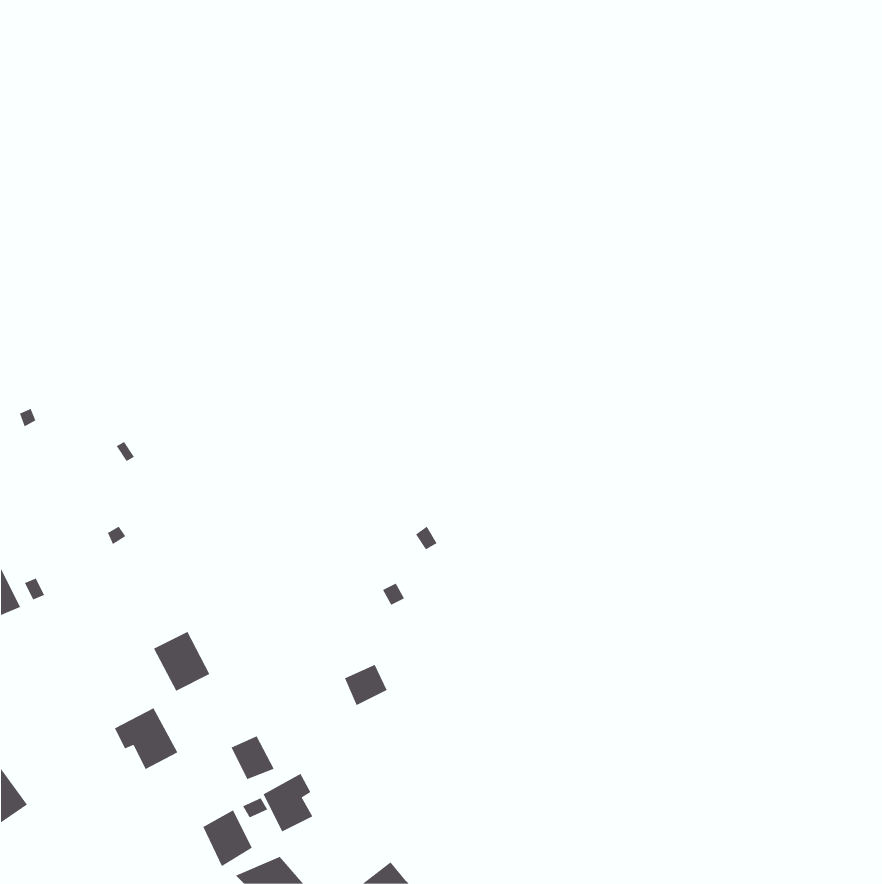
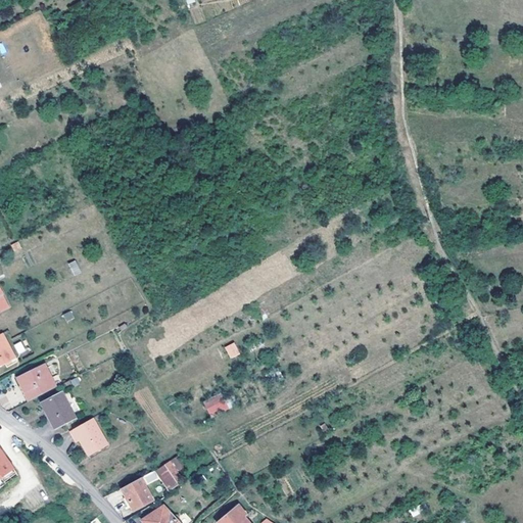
building: none -> [14,364,54,402]
building: [153,631,210,692] -> [40,393,74,429]
building: [231,735,274,780] -> none

